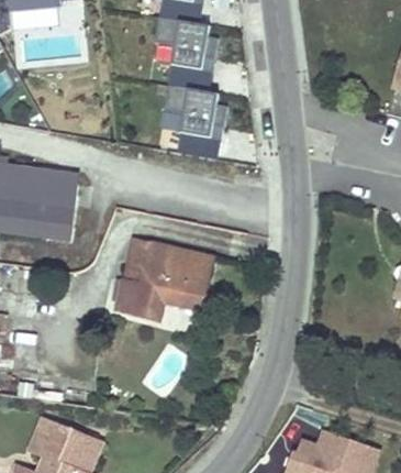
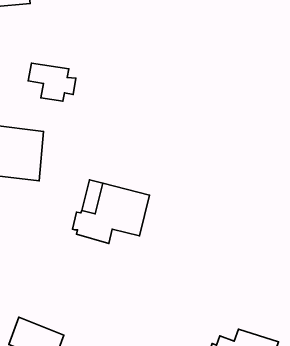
building: [157,20,218,69] -> none
building: [164,87,225,136] -> [28,63,76,101]

